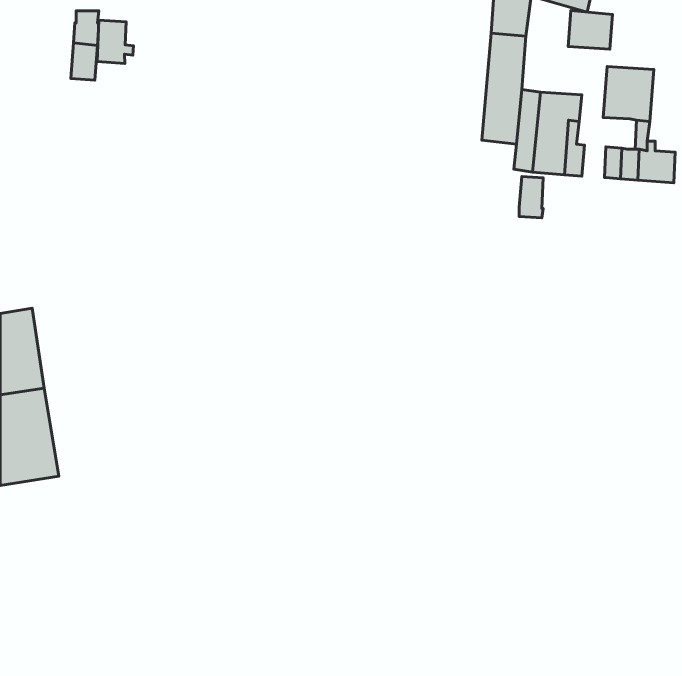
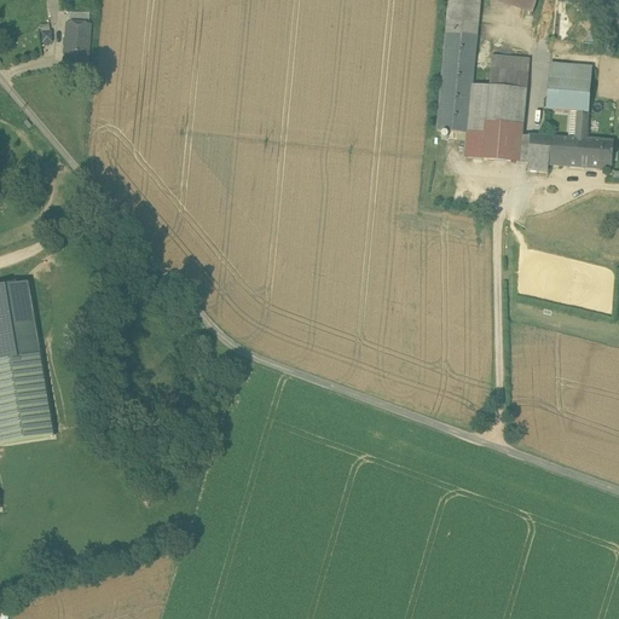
building: [568,10,612,49] -> [490,51,530,86]
building: [97,20,134,63] -> none
building: [519,176,543,218] -> [527,132,549,169]

